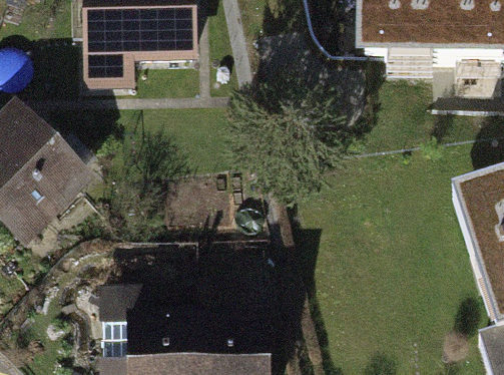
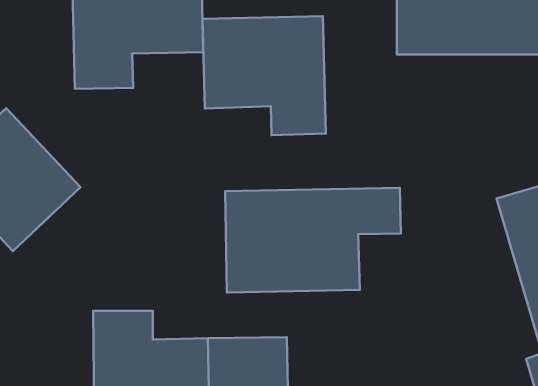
building: none -> [202,16,326,135]
building: none -> [225,188,401,293]

